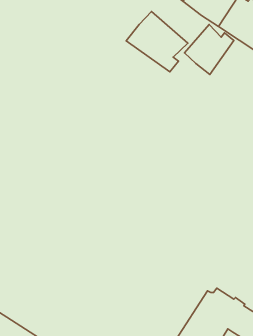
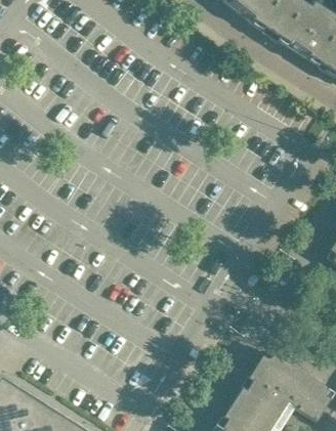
building: [126,12,188,72] -> none
building: [185,25,234,74] -> none

